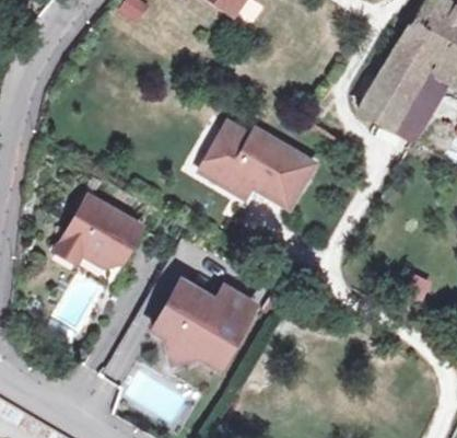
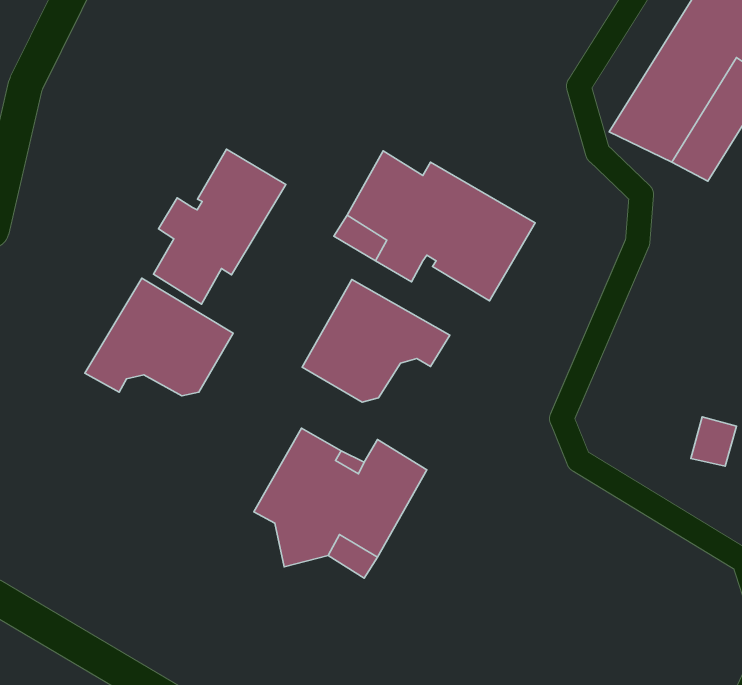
building: none -> [154,149,286,304]
building: none -> [302,279,450,402]

